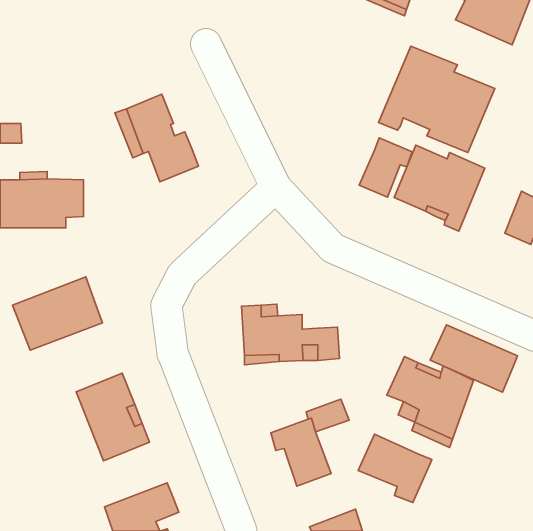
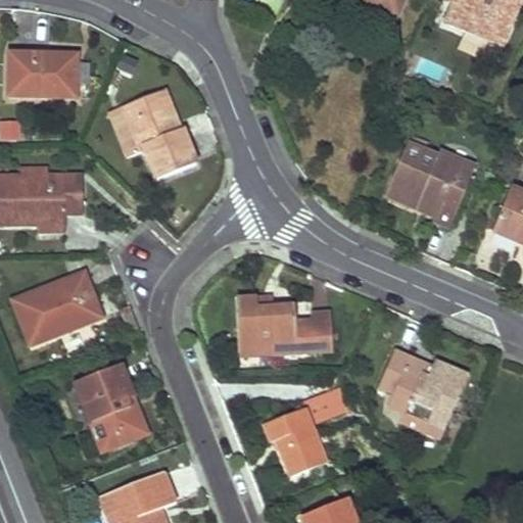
building: [379,46,495,152] -> none
building: none -> [9,52,77,96]
building: [359,138,412,197] -> none
building: [430,325,518,392] -> none
building: [358,434,432,502] -> none

